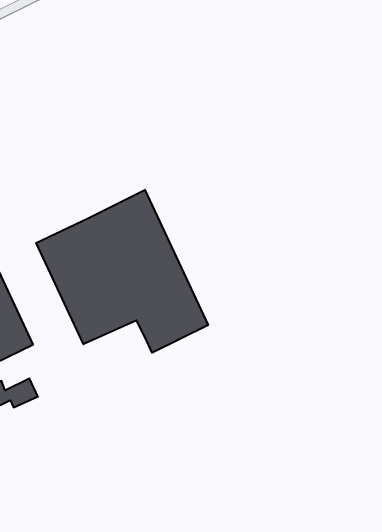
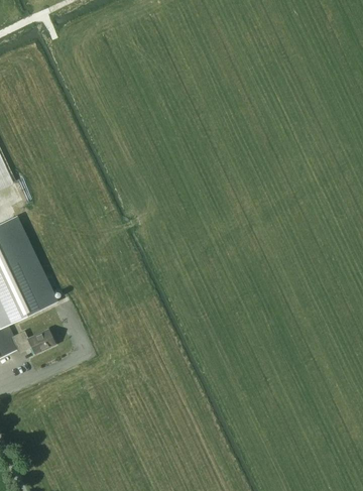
building: [36,190,208,353] -> none

